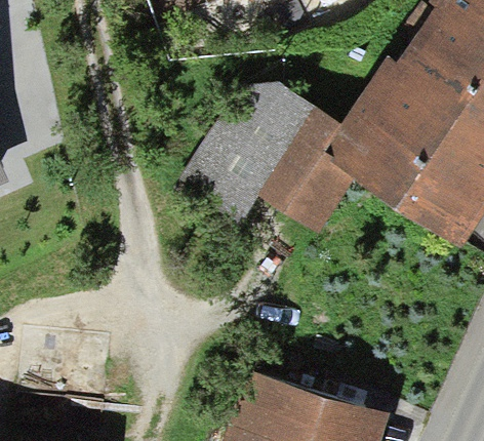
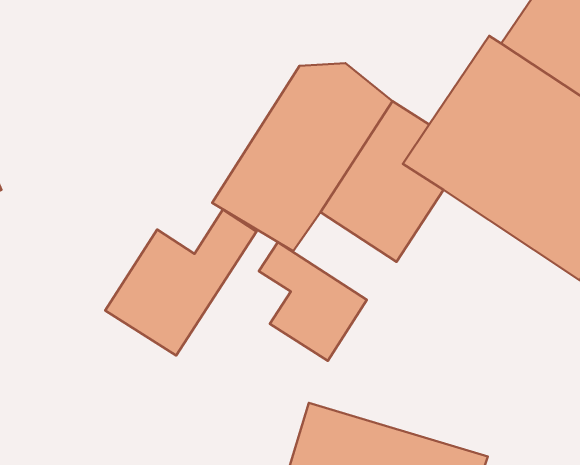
building: none -> [105,209,257,356]
building: none -> [259,242,367,361]

